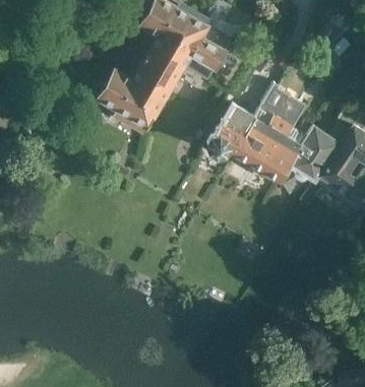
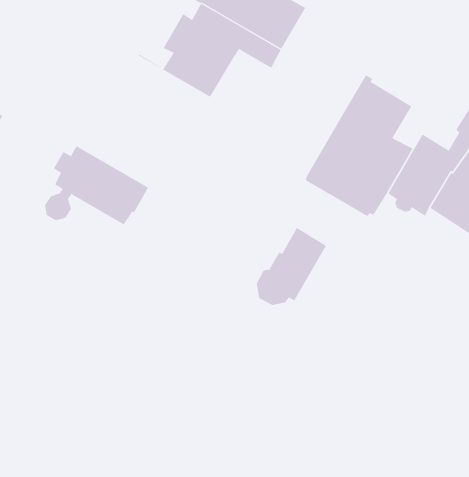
building: [92,70,165,126] -> [44,145,149,225]
building: [204,103,254,157] -> [256,227,327,305]

